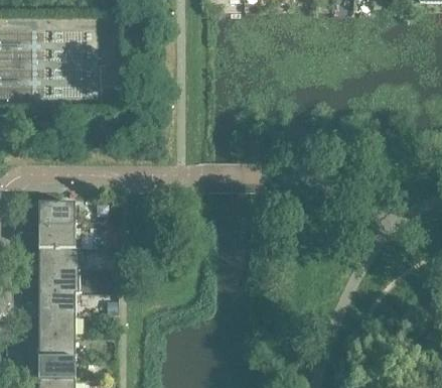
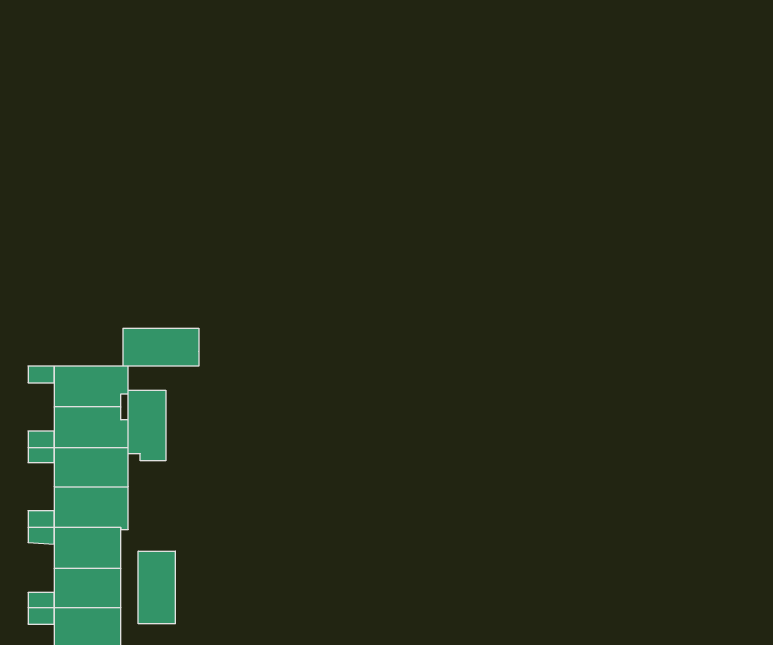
building: none -> [123,328,199,366]
building: none -> [128,390,166,461]
building: none -> [138,551,175,624]

